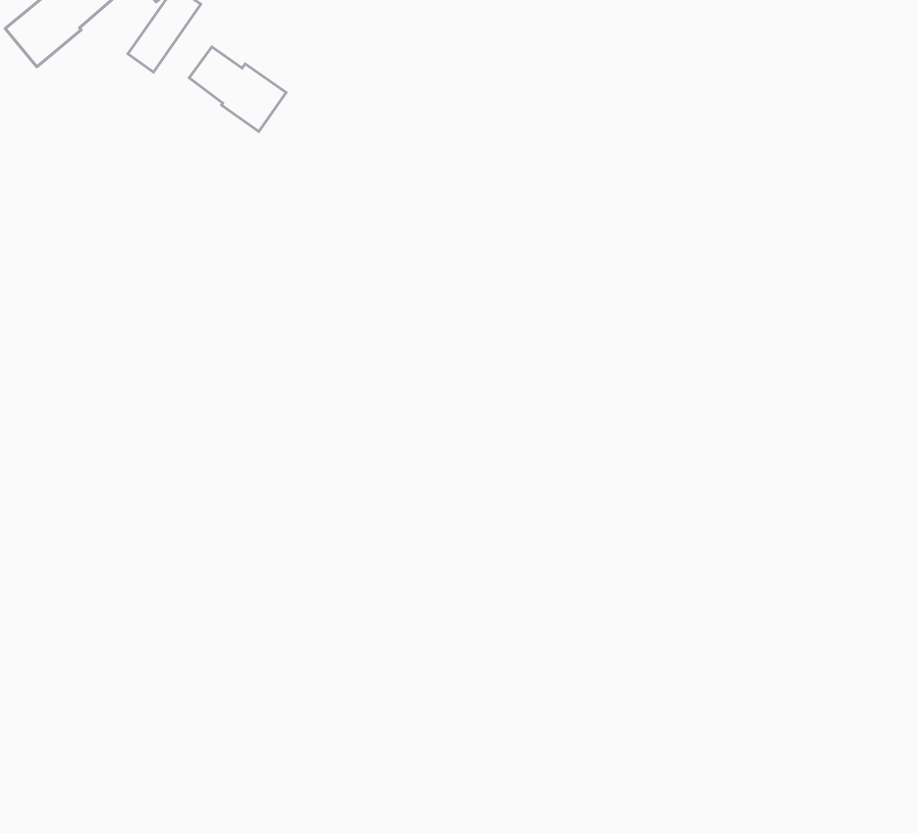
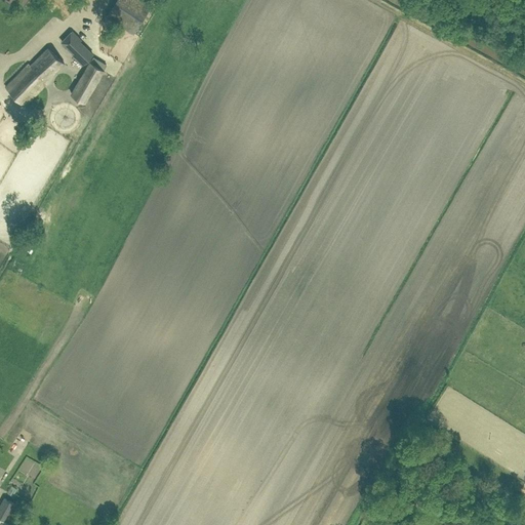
building: [189,47,286,131] -> none

